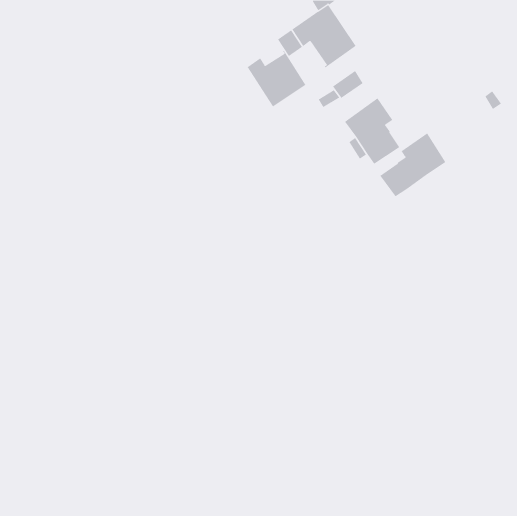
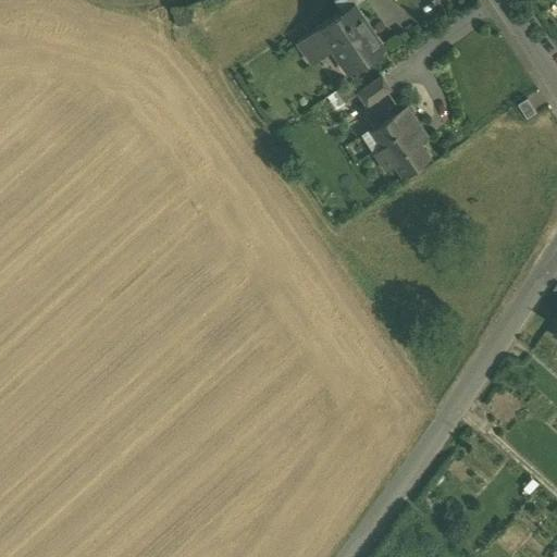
building: [247,50,306,107] -> none
building: [380,133,446,197] -> none

